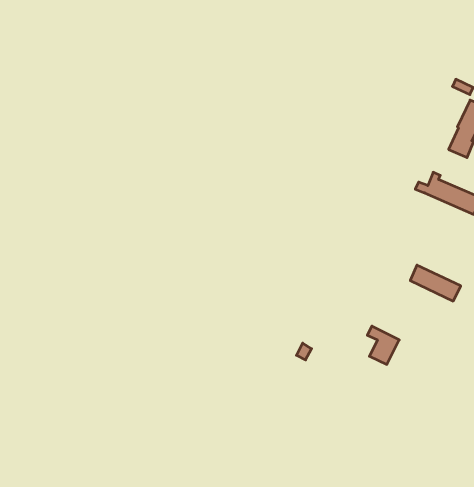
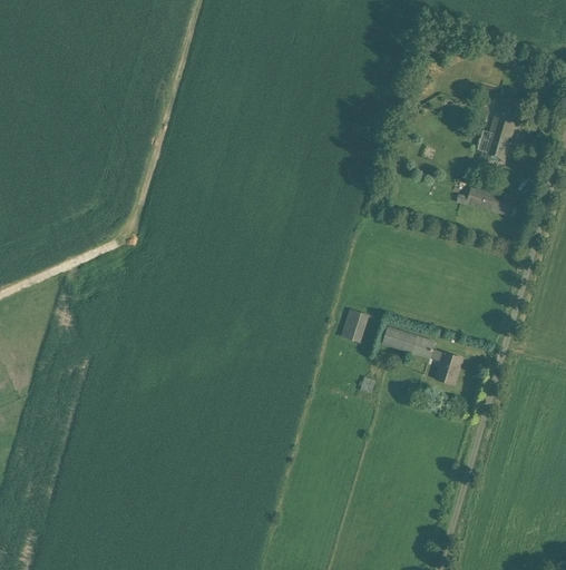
building: [410,265,461,301] -> [381,326,433,357]
building: none -> [340,308,367,342]

